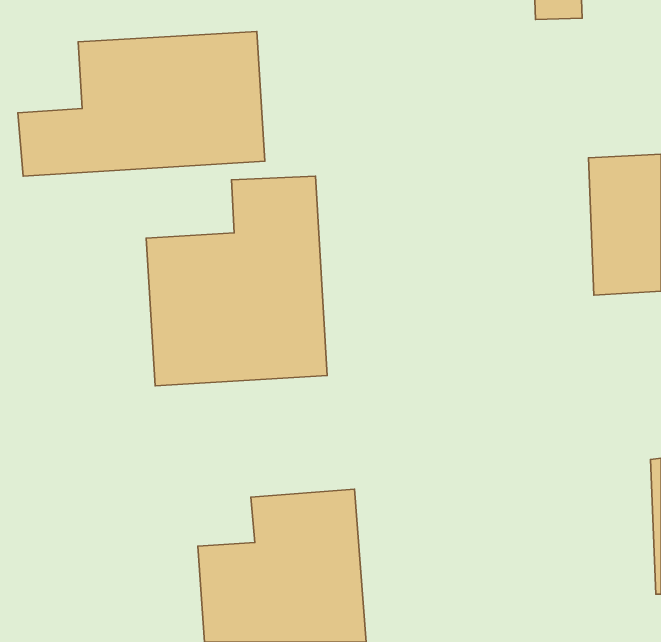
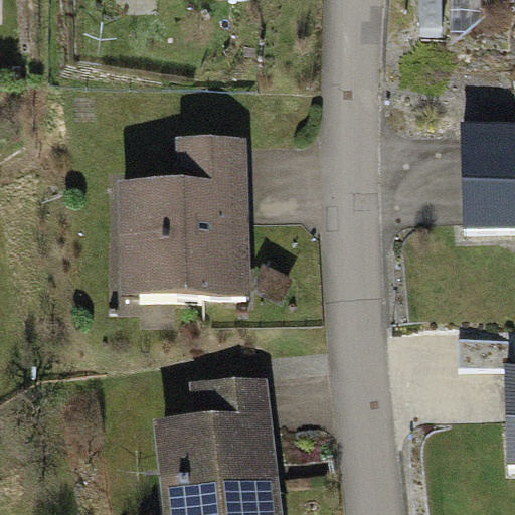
building: [18,31,265,176] -> none

